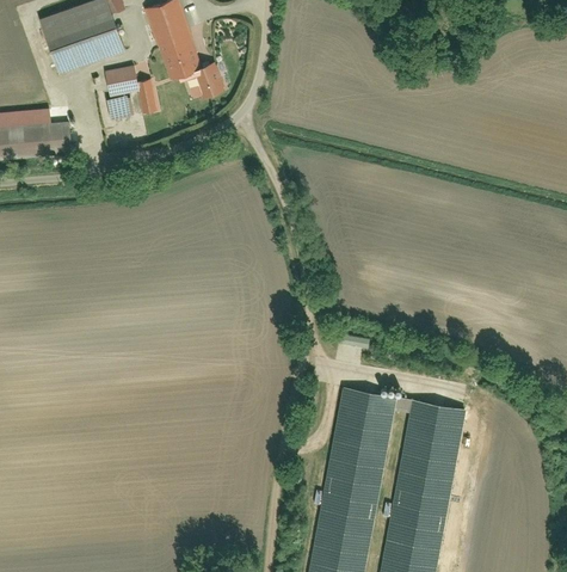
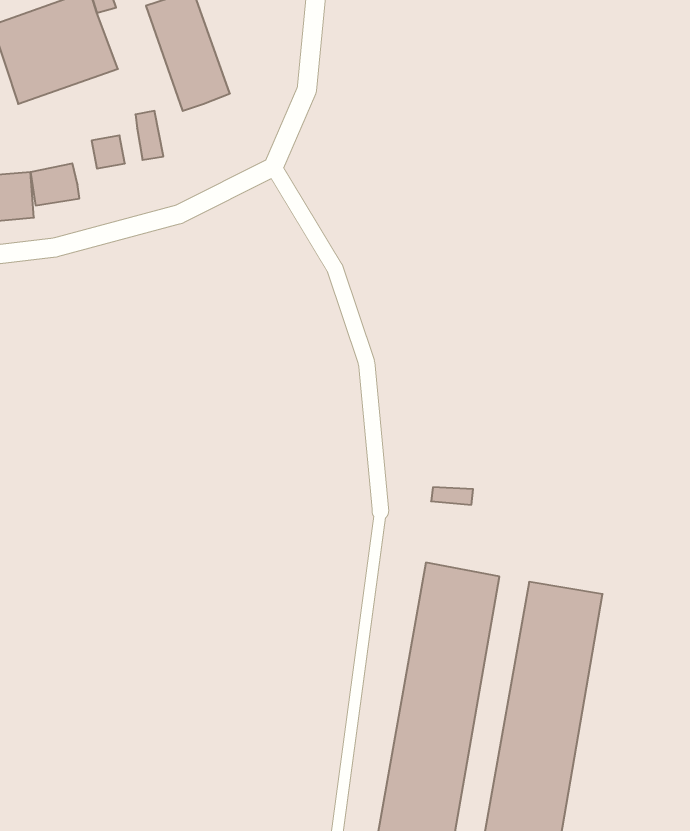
building: [189,63,228,97] -> none
building: [110,67,143,96] -> [30,163,79,205]

